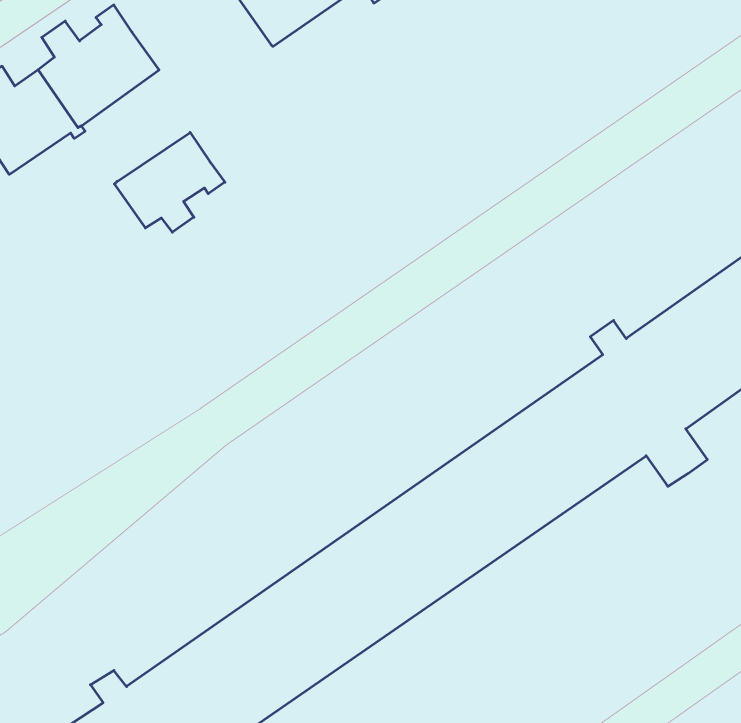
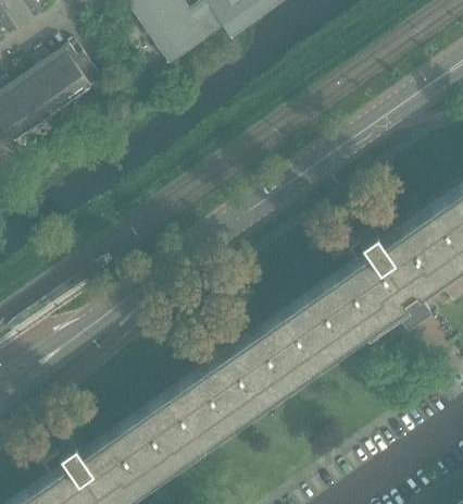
building: [114,132,225,232] -> none

